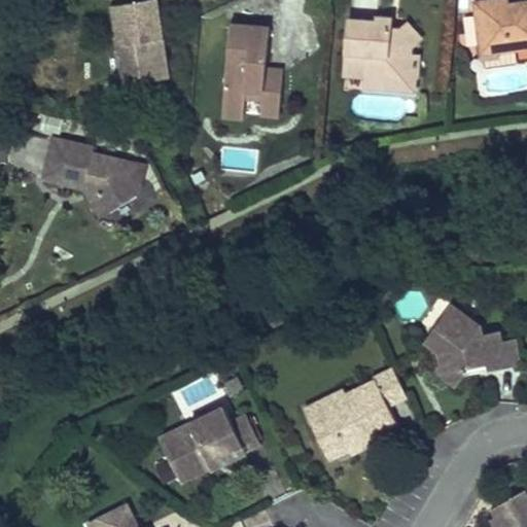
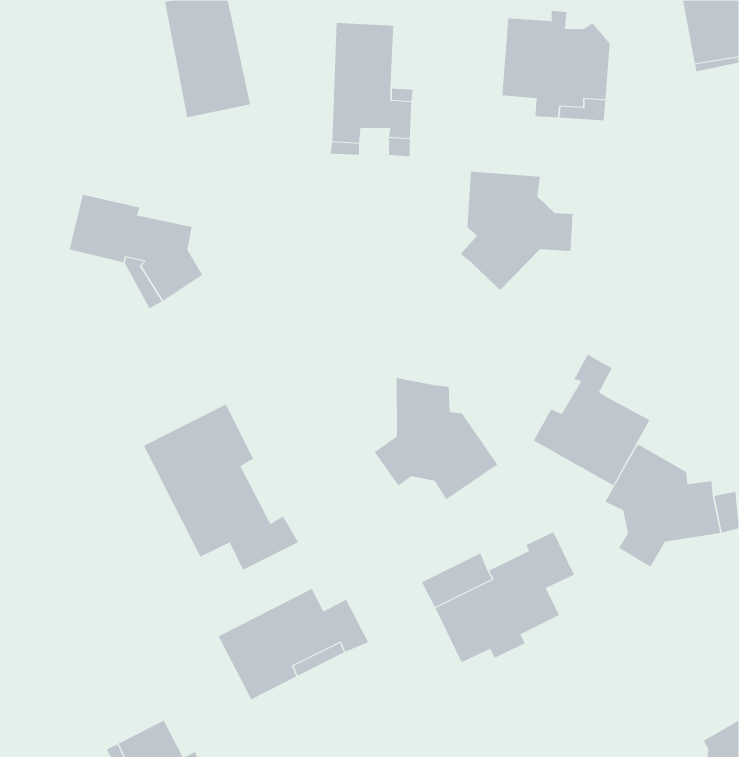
building: none -> [460,171,573,291]
building: none -> [533,354,650,486]
building: none -> [374,377,498,500]
building: none -> [143,404,299,570]

